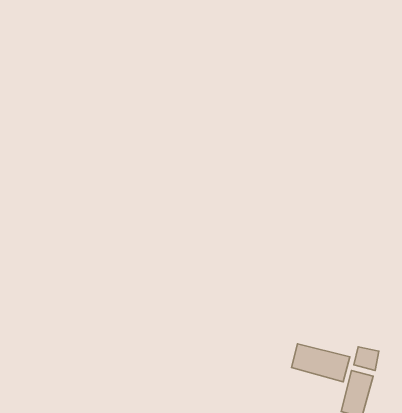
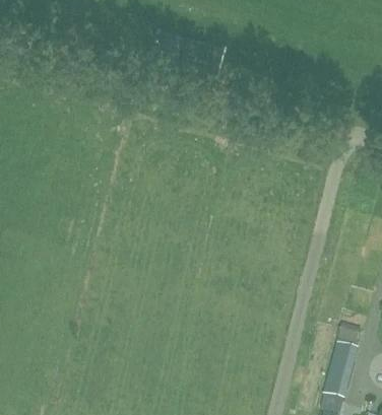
building: [291,344,350,382] -> none

